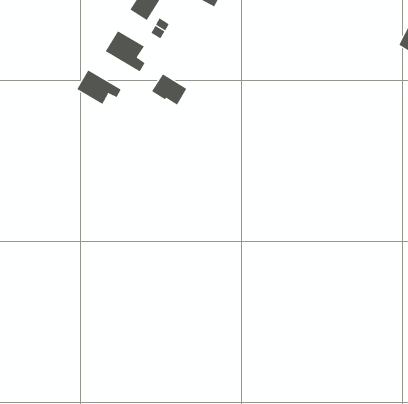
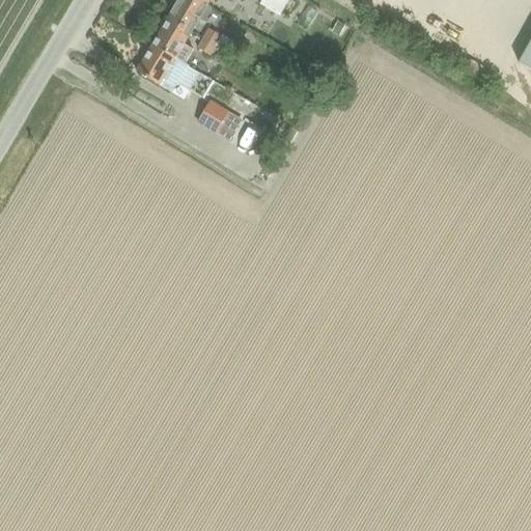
building: none -> [153,12,194,60]
building: [77,69,122,105] -> none

